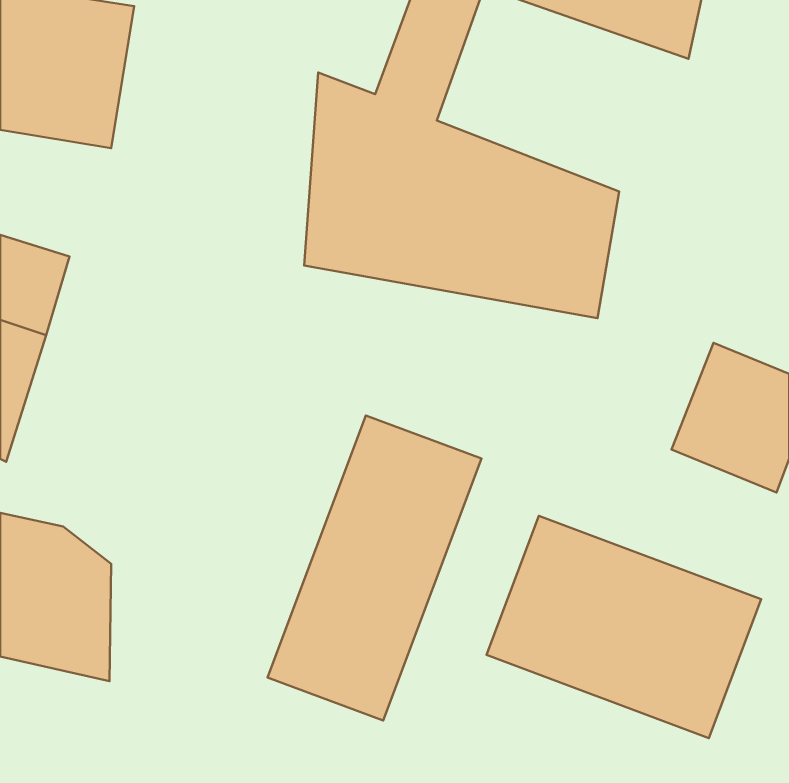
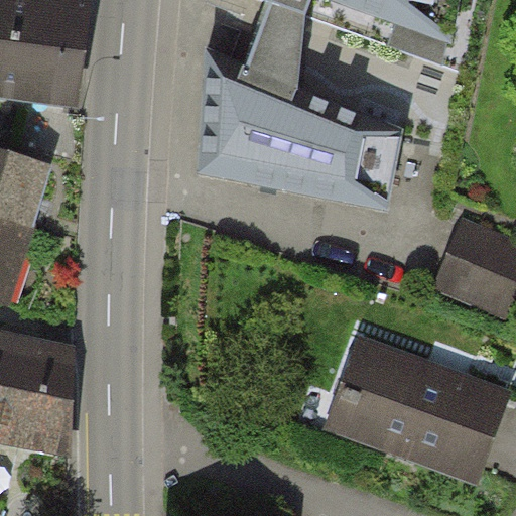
building: [268,416,482,721] -> none

